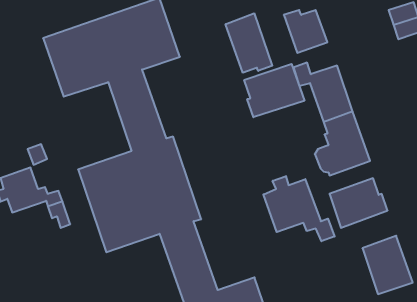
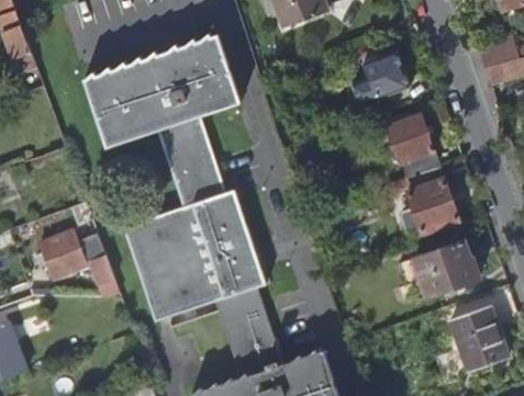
building: [226,13,272,73] -> none
building: [244,64,304,117] -> none
building: [263,176,335,241] -> none

